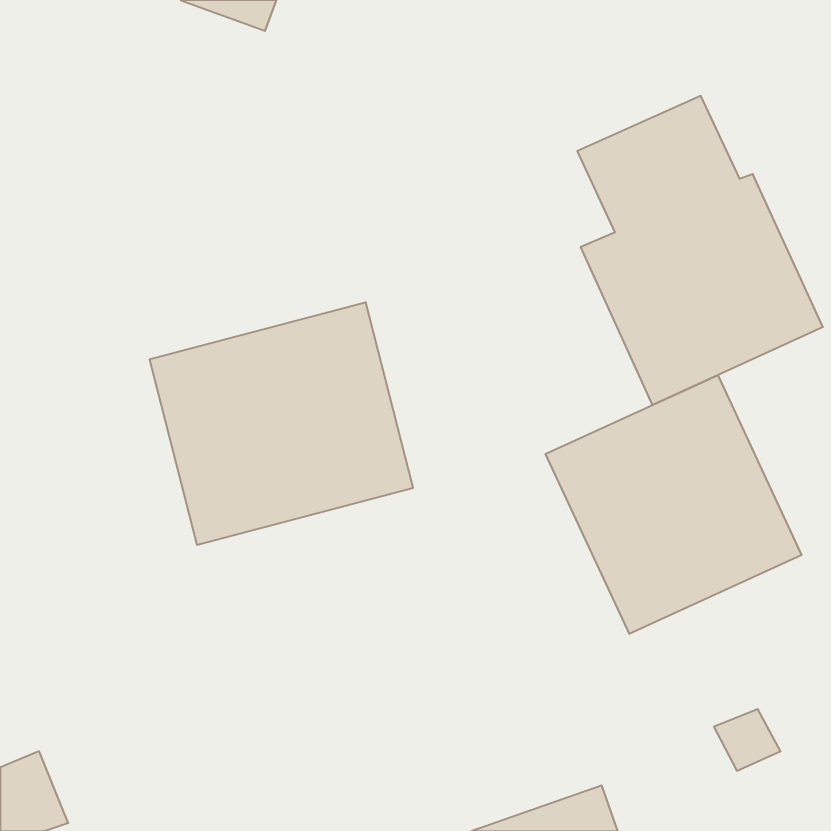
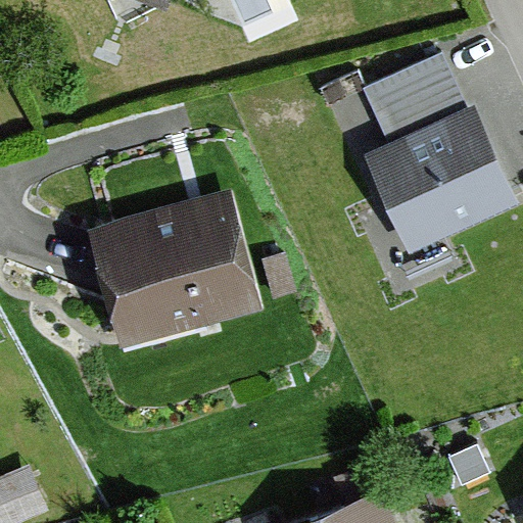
building: [546,375,801,634] -> none

